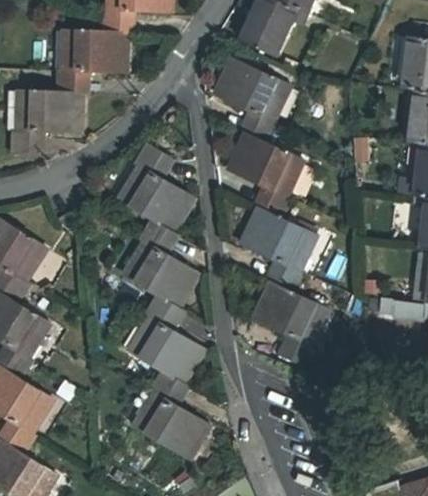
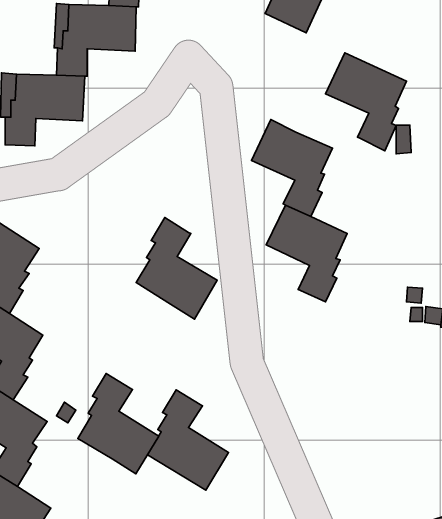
building: [215,58,286,144] -> [326,53,406,151]
building: [122,143,193,232] -> none
building: [255,283,325,368] -> none
building: [132,295,203,383] -> [78,373,159,474]

